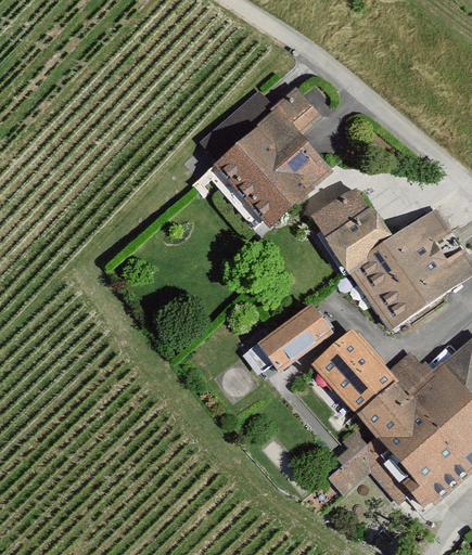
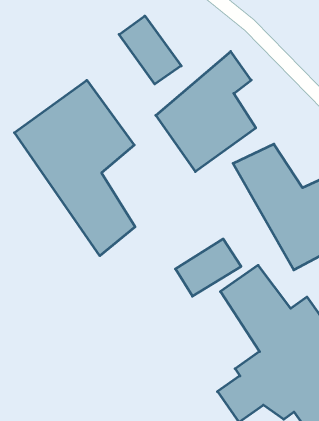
building: none -> [119,16,181,84]
building: none -> [14,80,135,256]

